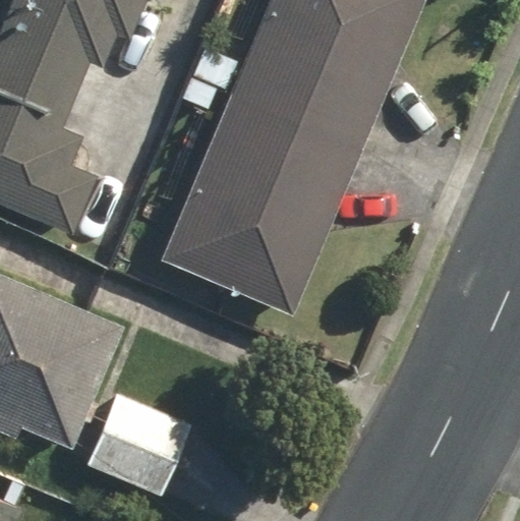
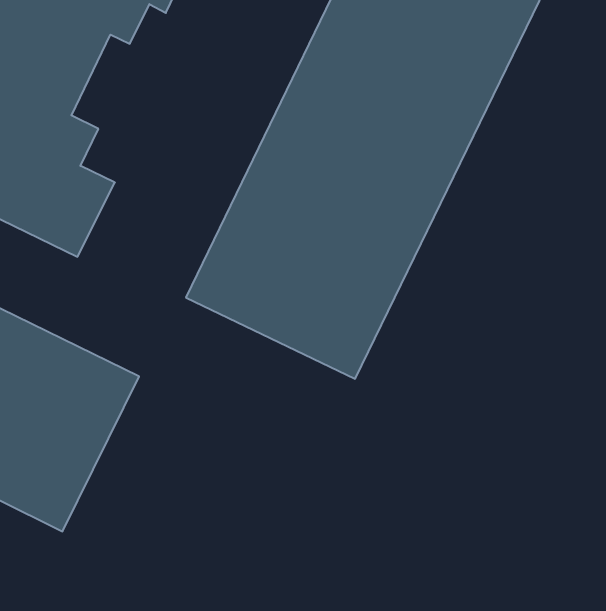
building: [83,391,192,497] -> none

